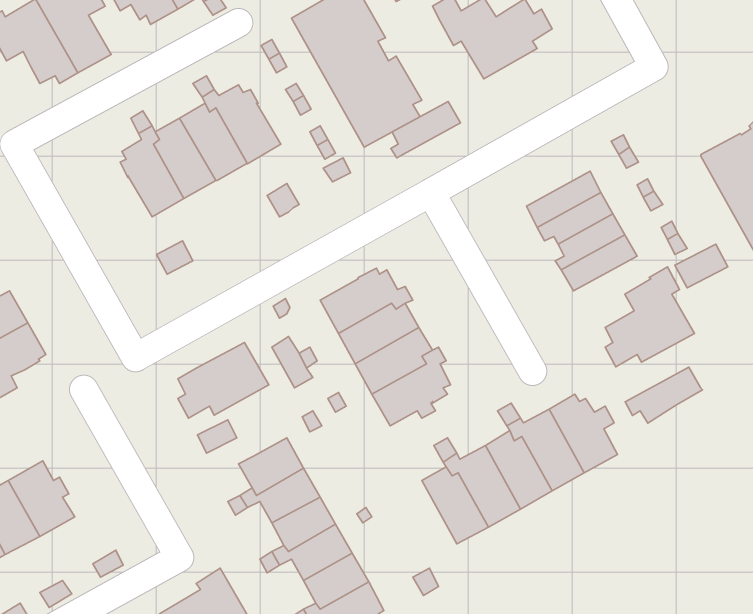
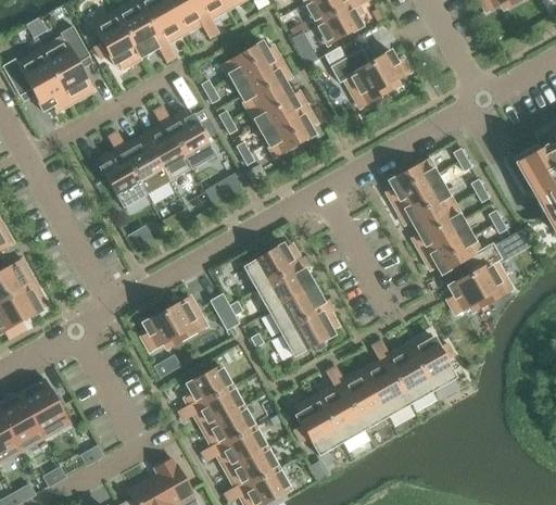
building: [391,102,460,158] -> [387,159,437,199]
building: [625,367,702,423] -> [425,235,480,275]
building: none -> [293,395,341,455]

